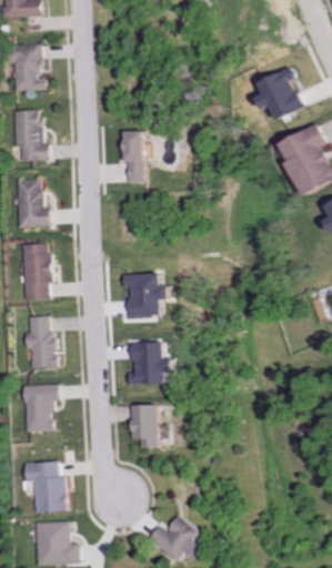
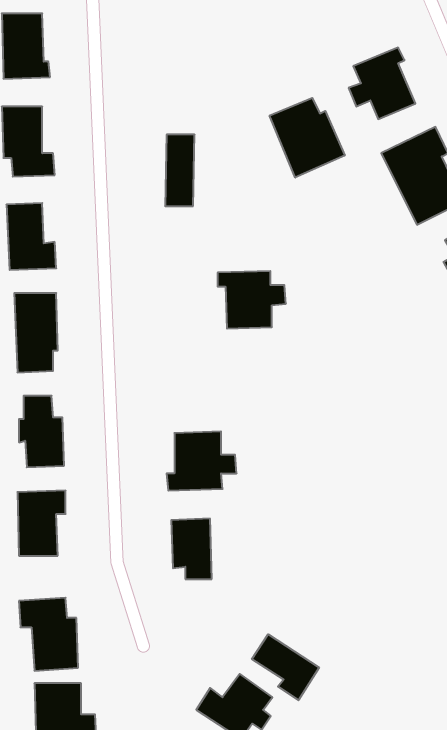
building: none -> [270,98,345,178]
building: [125,274,174,315] -> [218,271,286,329]
building: none -> [252,634,319,700]

